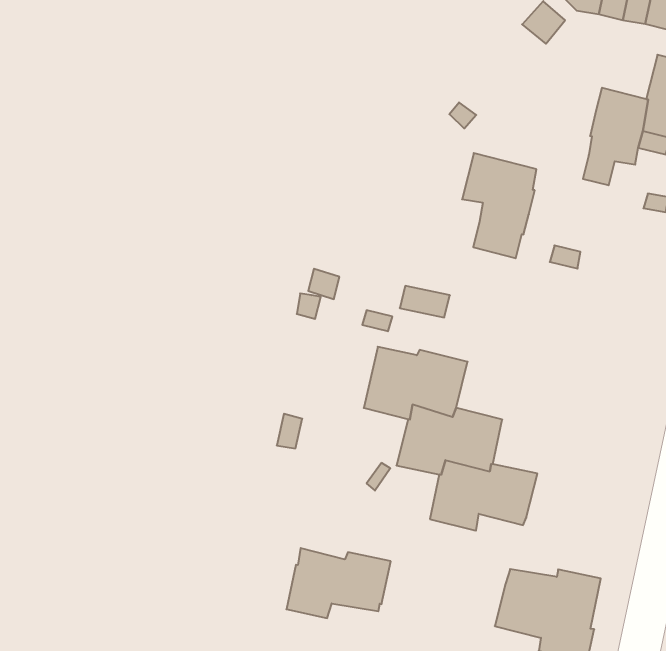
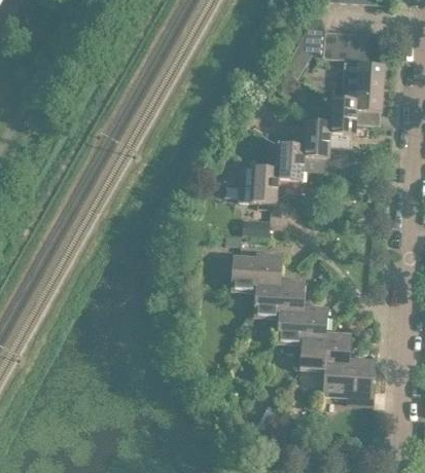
building: none -> [303,107,329,171]
building: none -> [238,166,277,204]
building: [286,548,391,618] -> [300,332,352,369]

